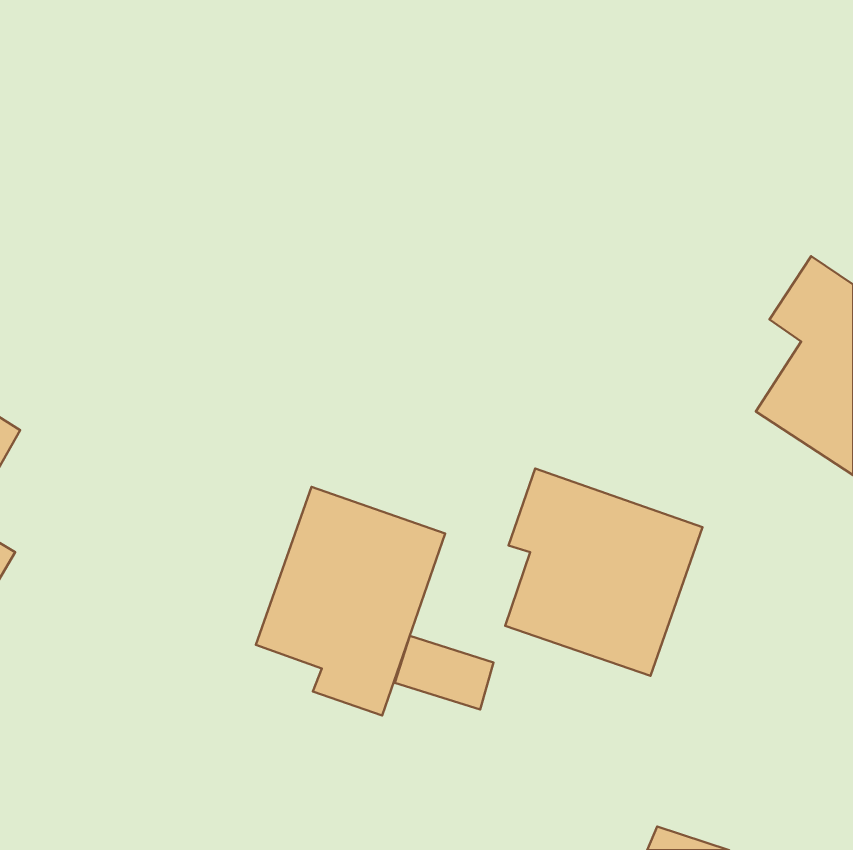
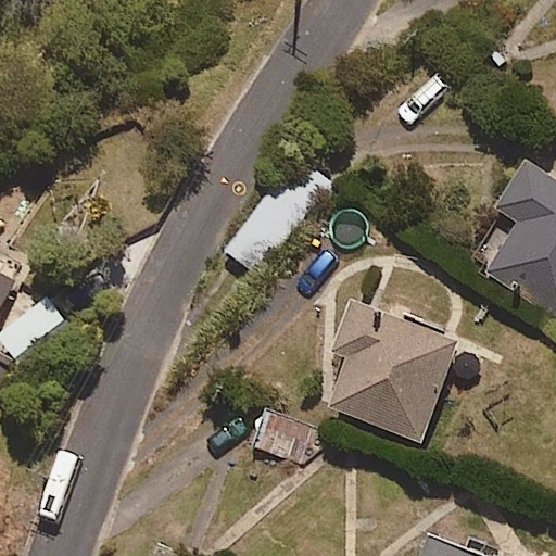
building: [256,487,445,716] -> none

